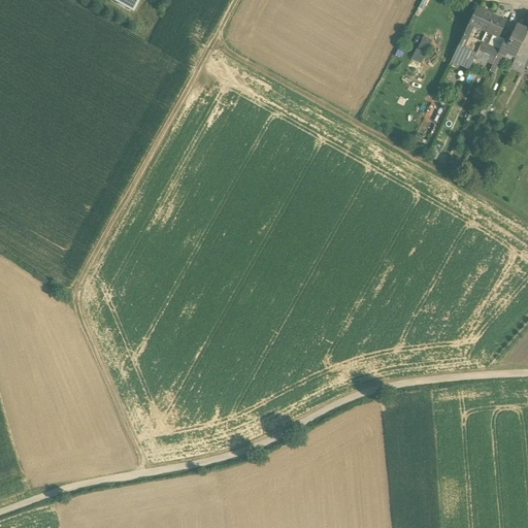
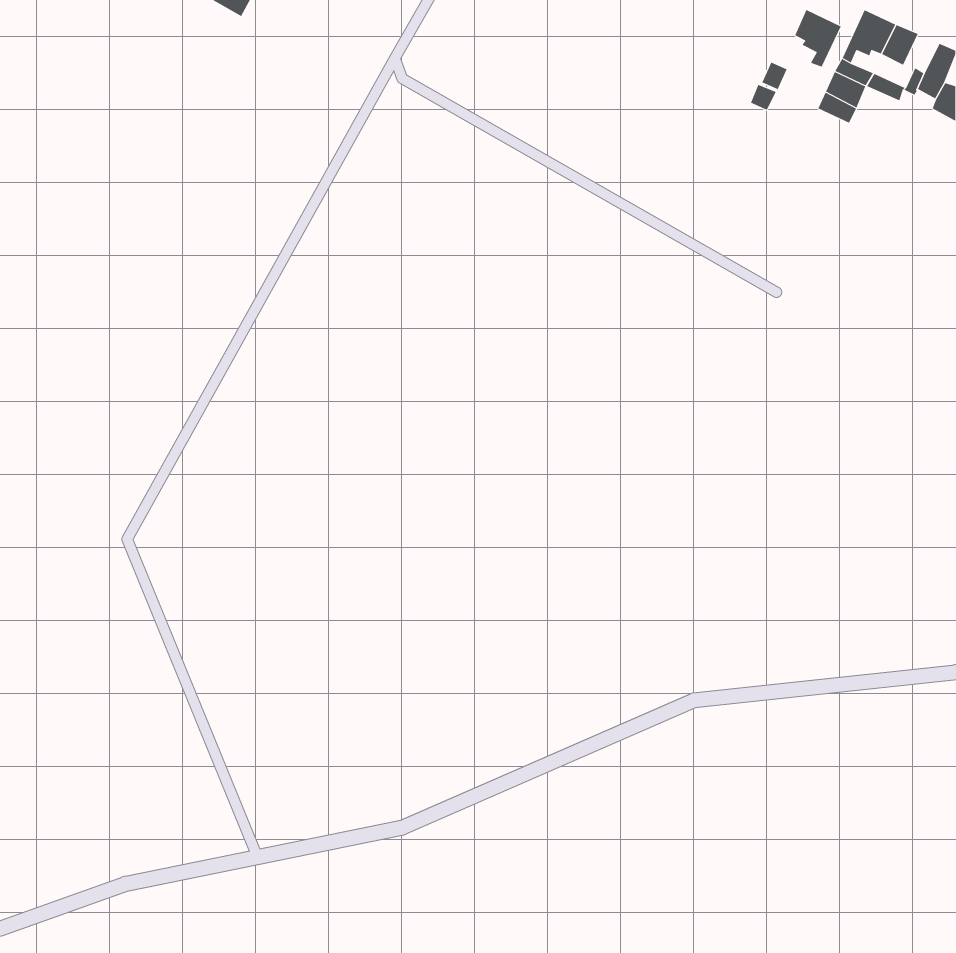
building: none -> [795,9,842,67]

